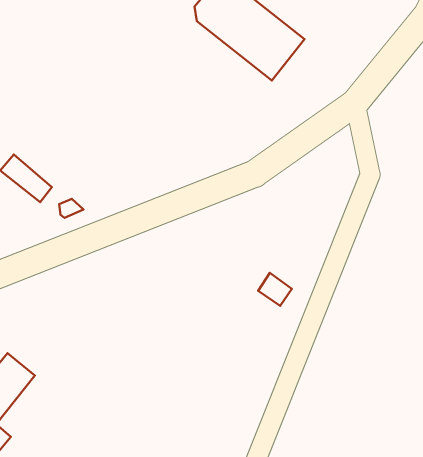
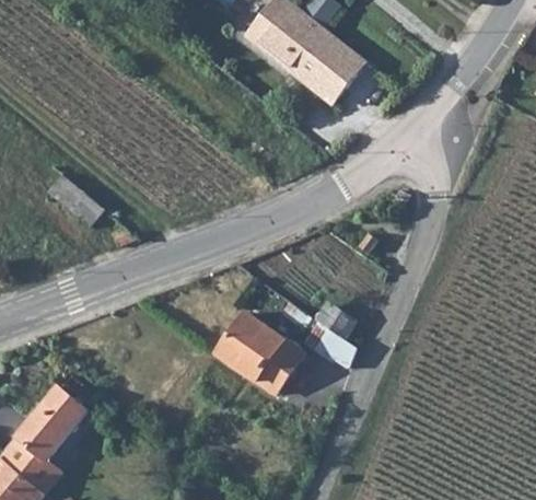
building: none -> [217,312,303,394]
building: none -> [303,322,357,368]

